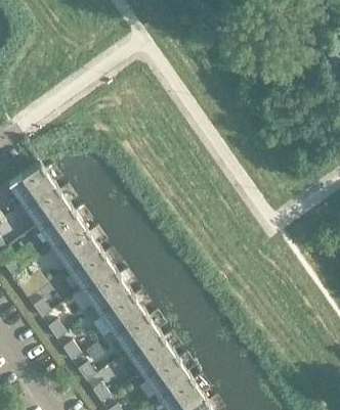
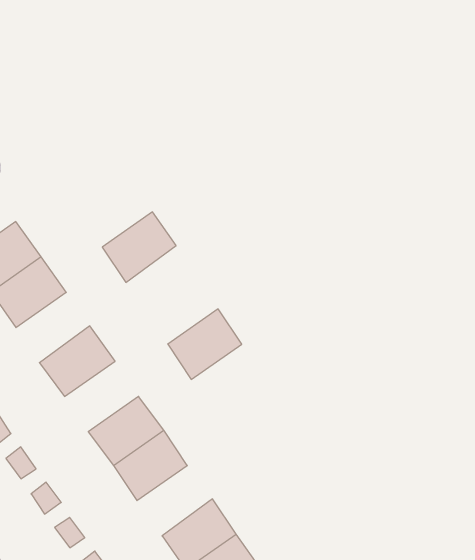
building: [39,207,84,249] -> [102,212,176,282]
building: [69,248,114,291] -> [168,309,242,379]
building: [113,312,159,355] -> none

